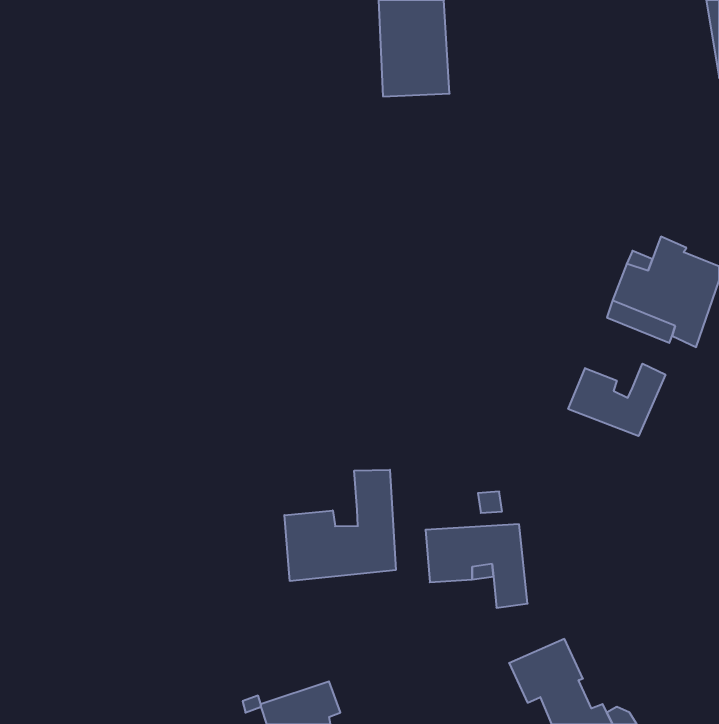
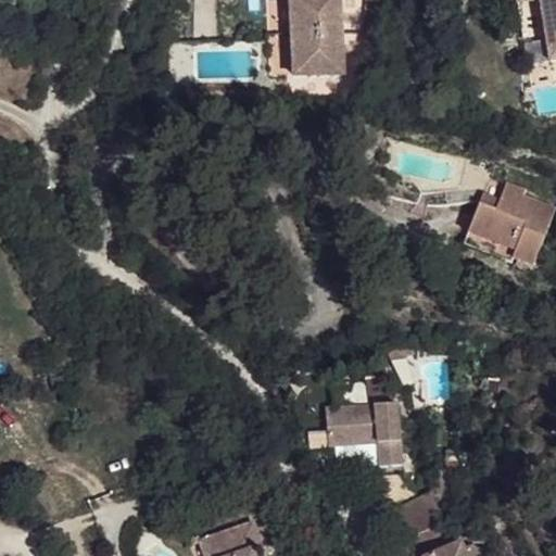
building: [568,364,665,436] -> none
building: [284,470,396,581] -> none

